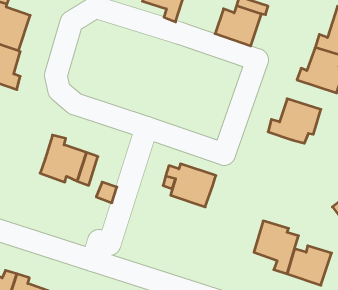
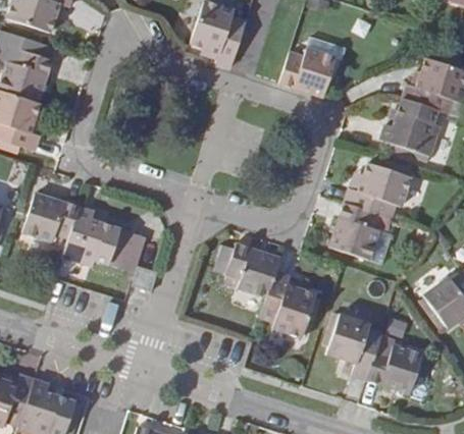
building: none -> [23,194,79,241]
building: none -> [329,204,379,261]
building: none -> [261,270,316,336]

